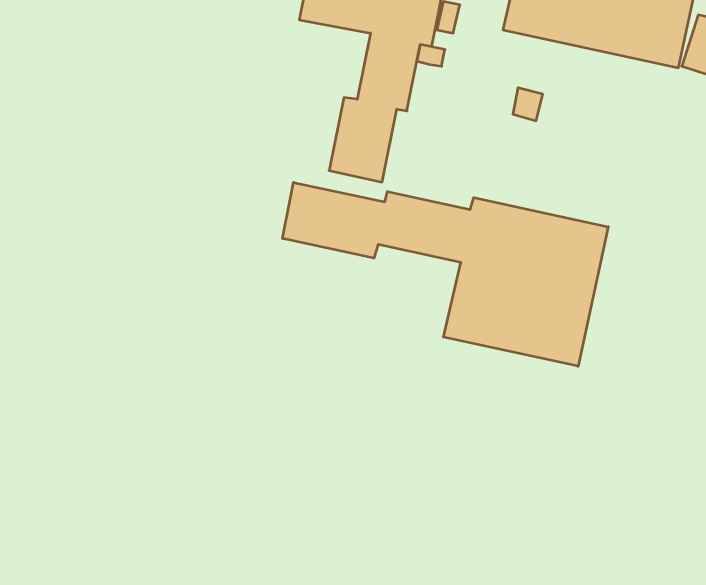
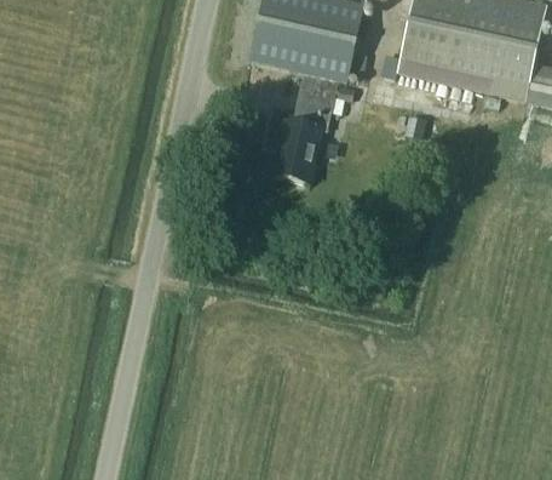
building: [283,182,608,366] -> none

